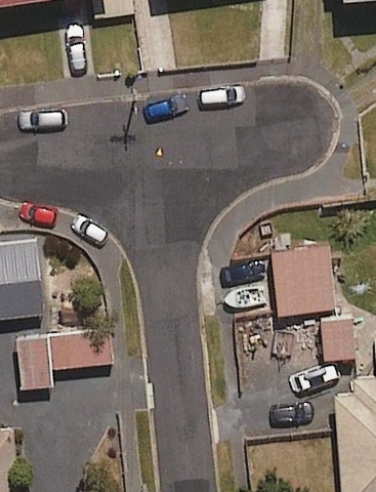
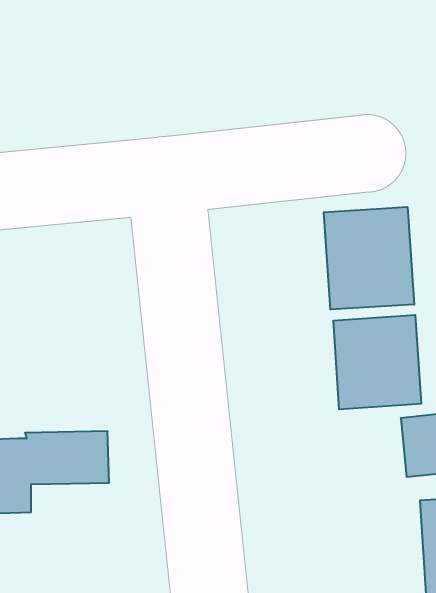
building: none -> [324,207,414,310]

